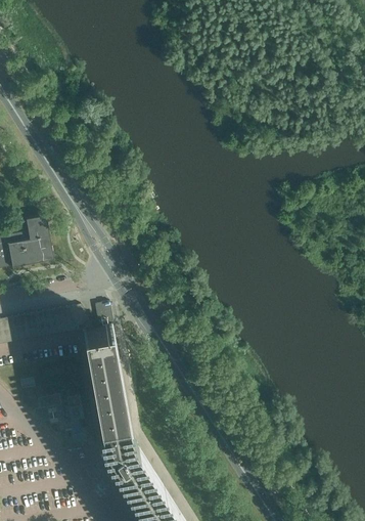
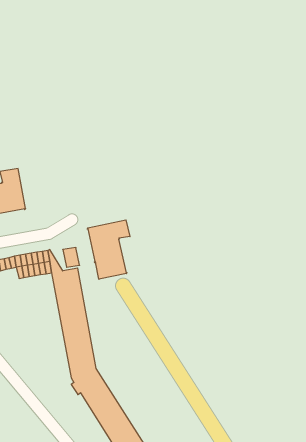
building: none -> [87,220,130,279]

